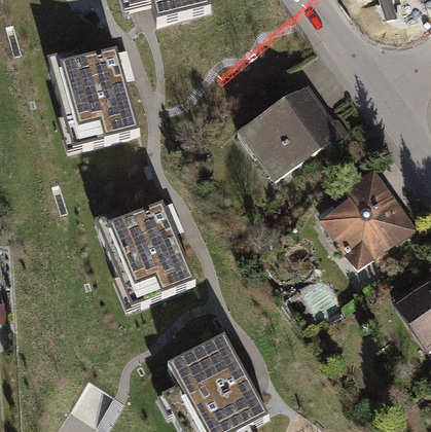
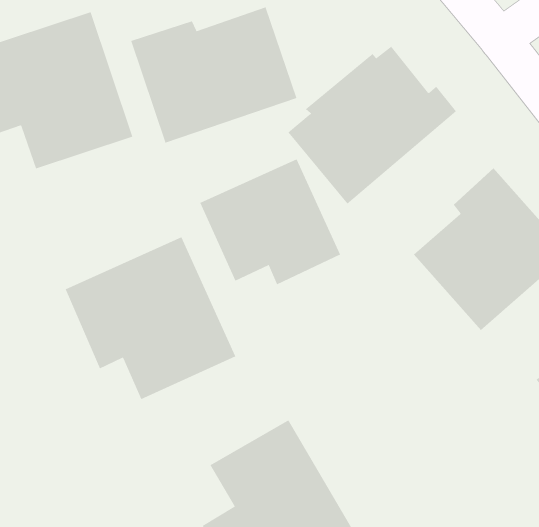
building: none -> [131,7,297,144]
building: none -> [200,159,341,285]

